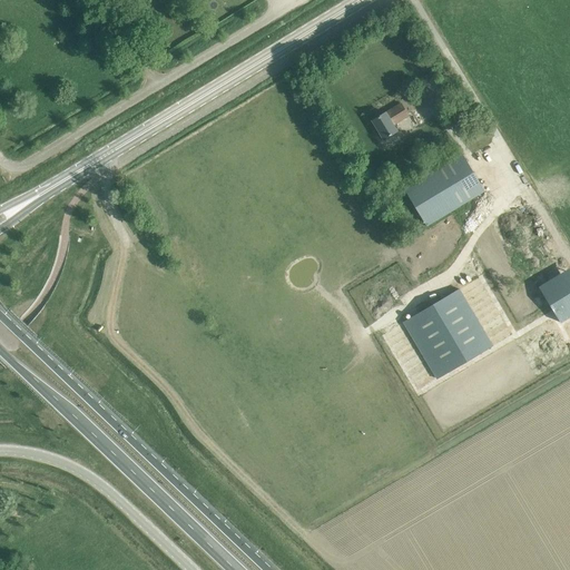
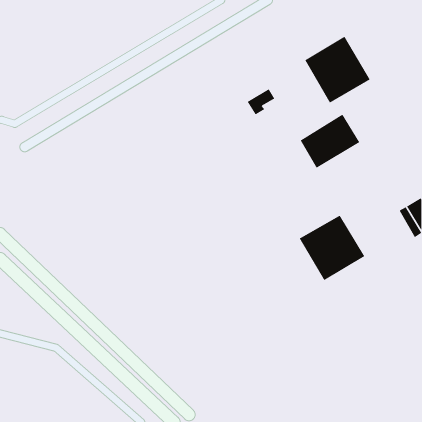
building: none -> [305,36,371,103]
building: [372,104,410,139] -> [247,89,275,115]

